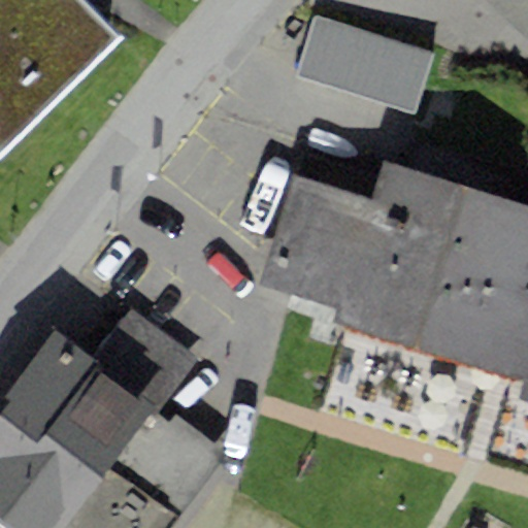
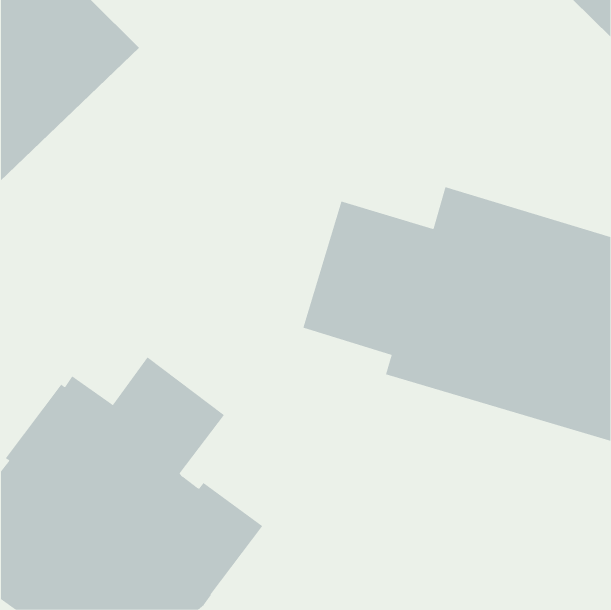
building: [295,16,435,116] -> none

